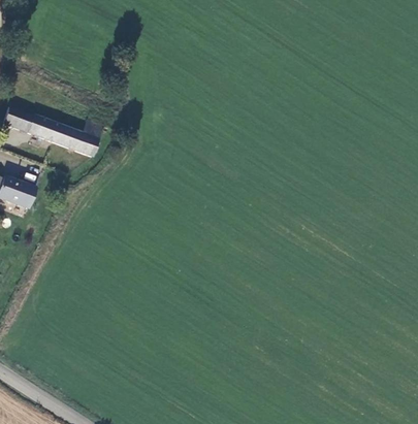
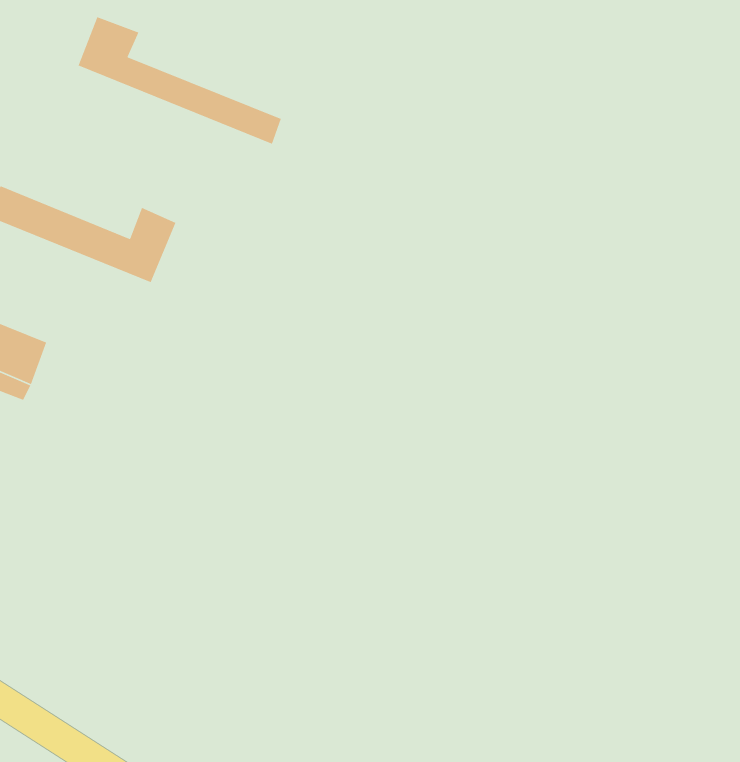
building: none -> [78,16,282,145]

